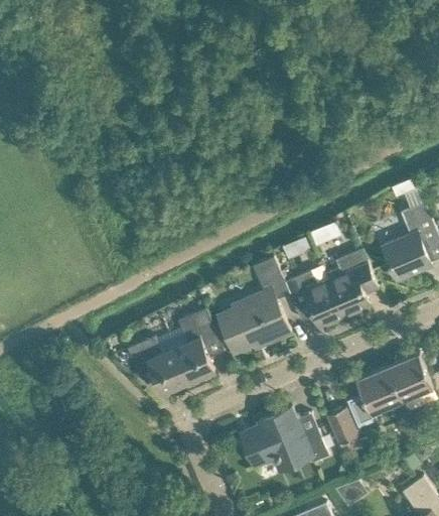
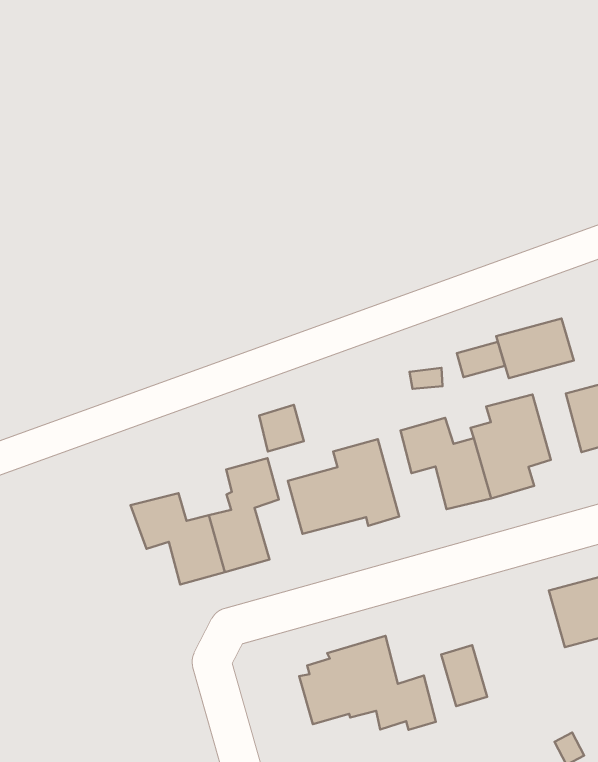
building: none -> [496,318,574,378]
building: [253,257,282,287] -> [259,405,304,451]
building: [350,368,401,423] -> none

